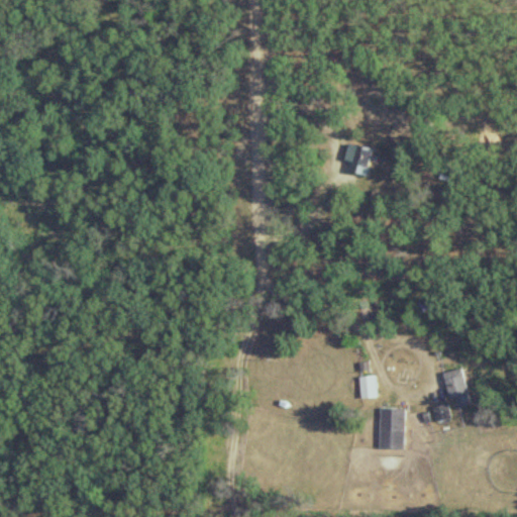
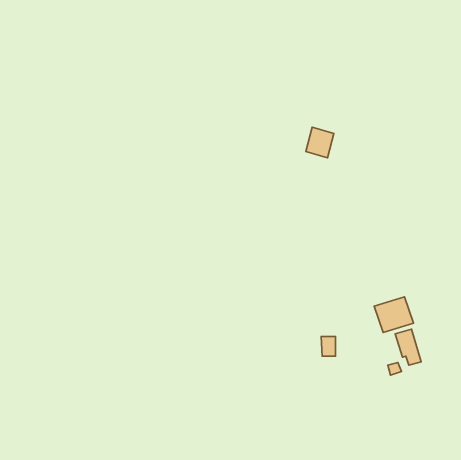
building: none -> [374,297,414,333]
building: [379,408,404,448] -> none

